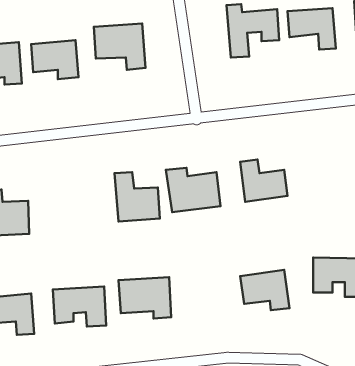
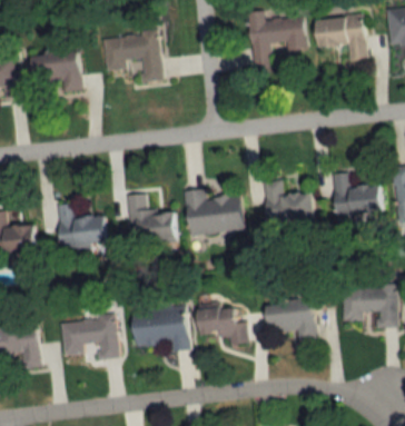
building: none -> [332,171,382,216]
building: none -> [57,204,106,247]
building: none -> [197,307,236,337]

